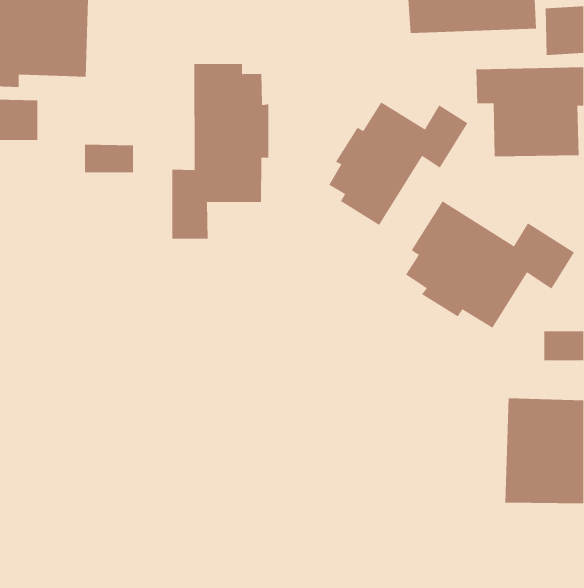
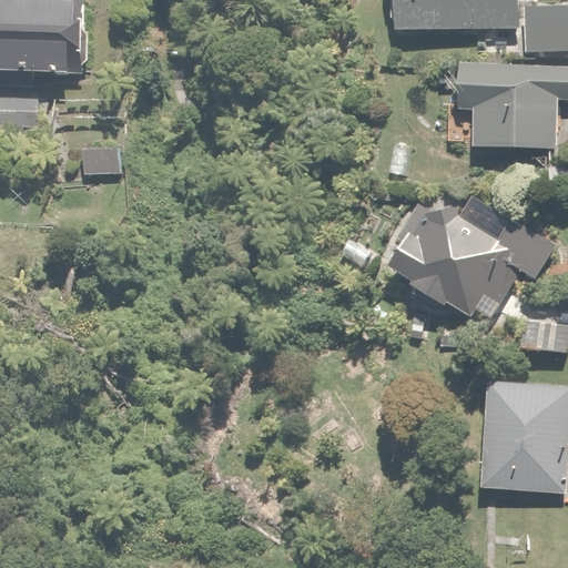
building: [172,63,269,239] -> none
building: [328,101,468,226] -> none

